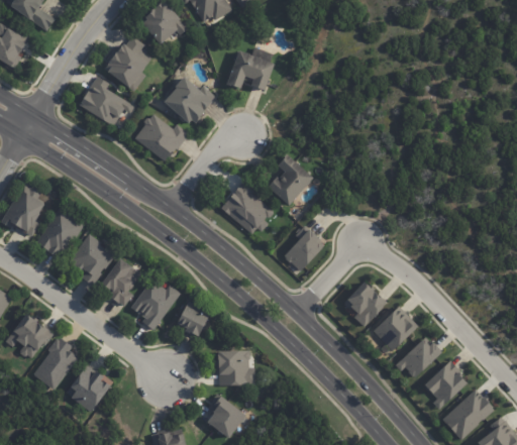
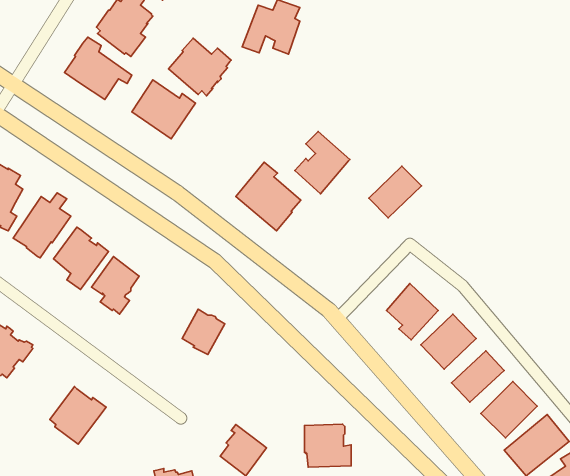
building: [283,228,326,270] -> [369,166,421,218]
building: [130,279,181,330] -> none
building: [33,337,79,390] -> none
building: [217,350,255,385] -> [304,424,351,467]

